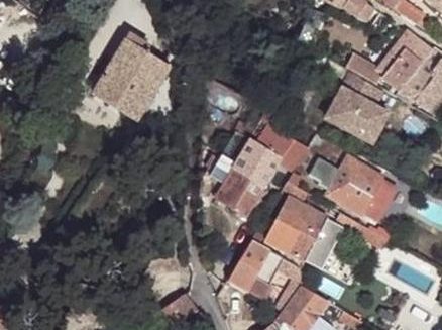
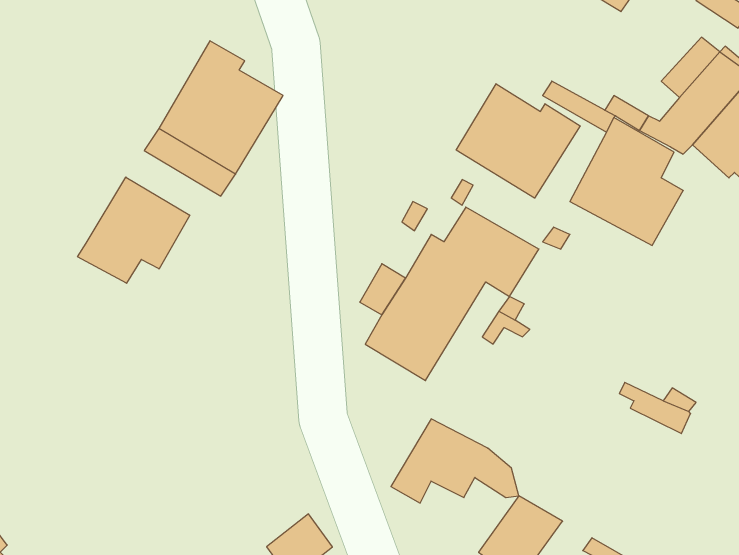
building: none -> [456,84,580,198]
building: none -> [78,177,190,283]
building: [327,157,399,222] -> none
building: [266,196,344,267] -> none

